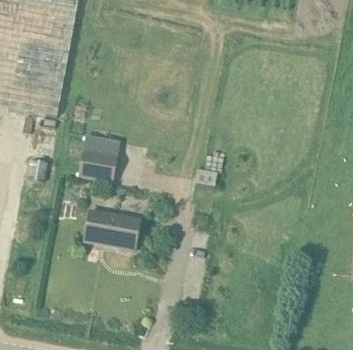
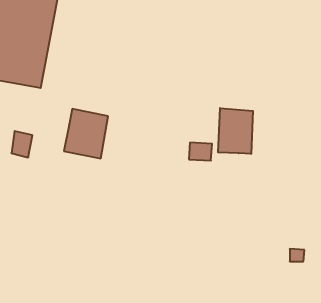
building: none -> [218,108,253,154]
building: [83,210,139,249] -> none

